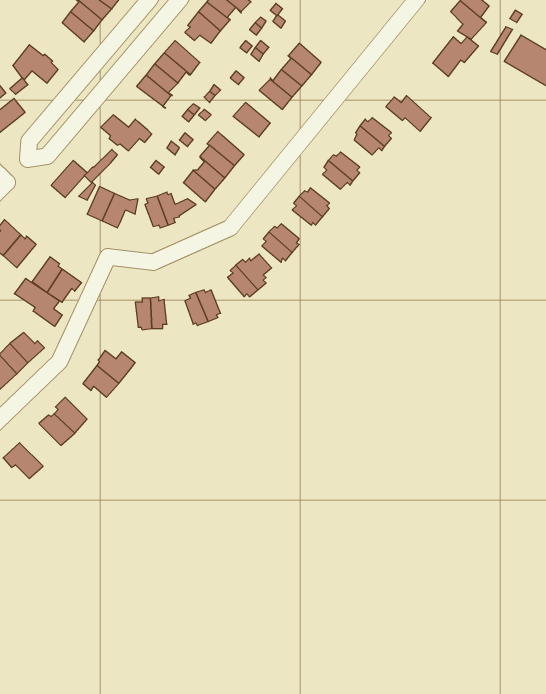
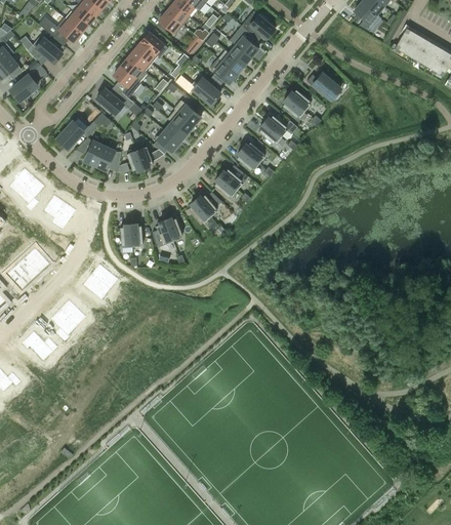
building: none -> [242,10,275,38]
building: none -> [44,17,82,42]
building: [433,37,478,77] -> none
building: none -> [114,66,142,98]
building: [14,278,62,326] -> none

